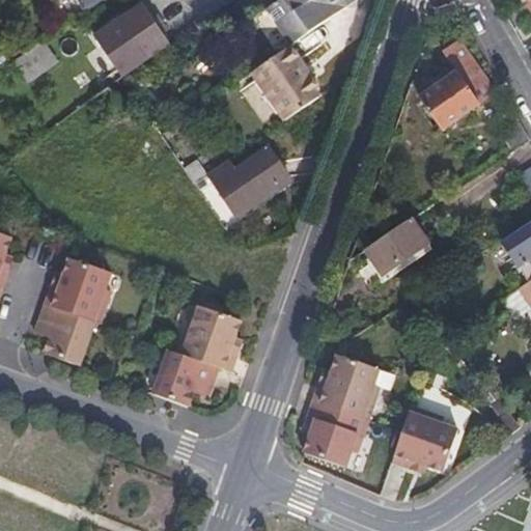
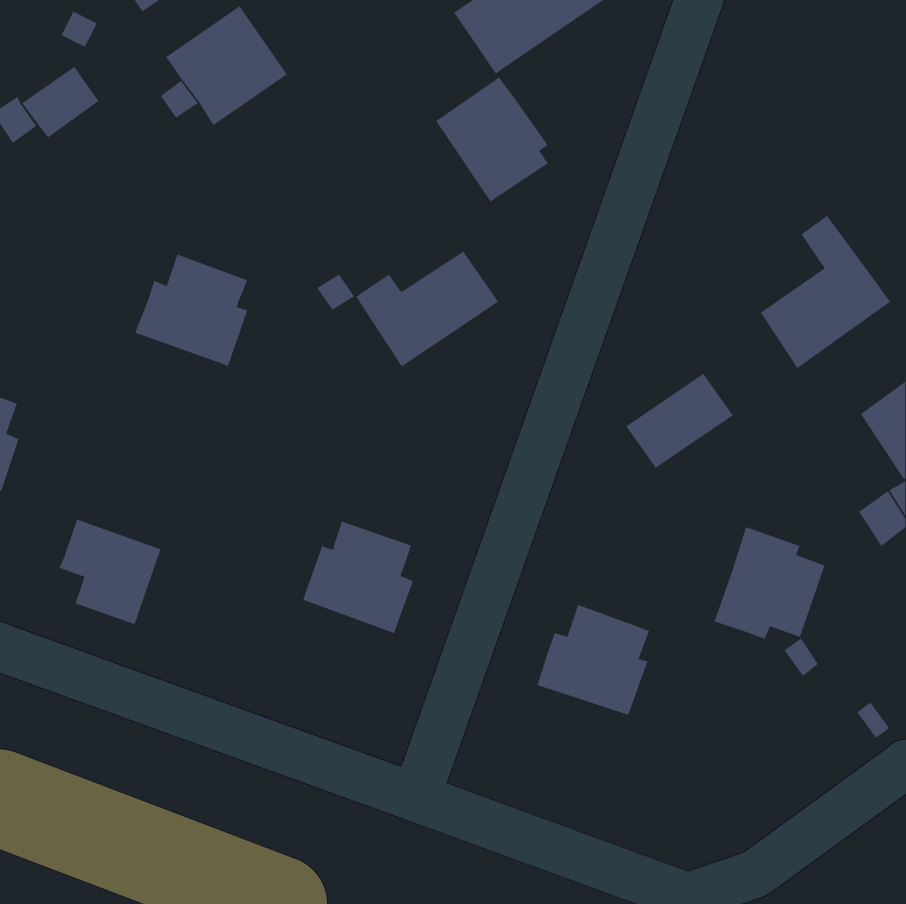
building: [419,39,496,130] -> [760,215,891,369]
building: [45,256,111,323] -> [134,253,248,367]
building: [153,348,219,406] -> none
building: [303,400,367,466] -> none
building: [392,404,457,471] -> [714,526,826,640]

